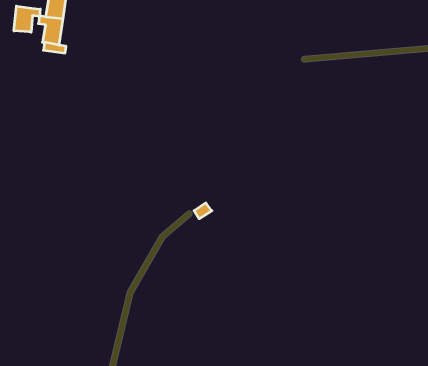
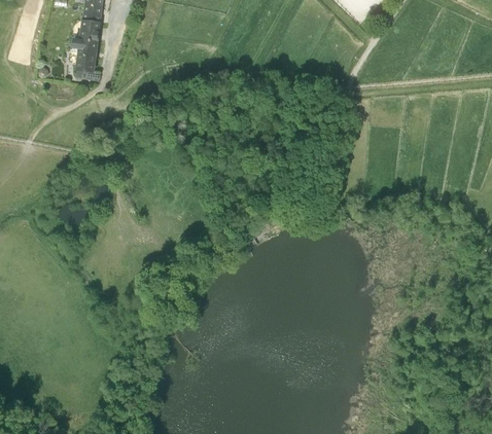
building: [14,6,40,32] -> none

